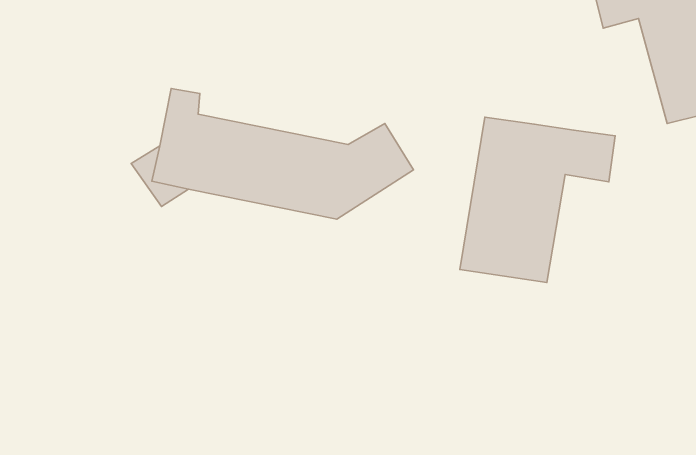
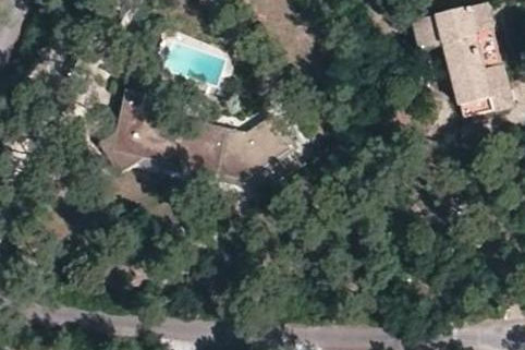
building: [460,117,615,283] -> none

